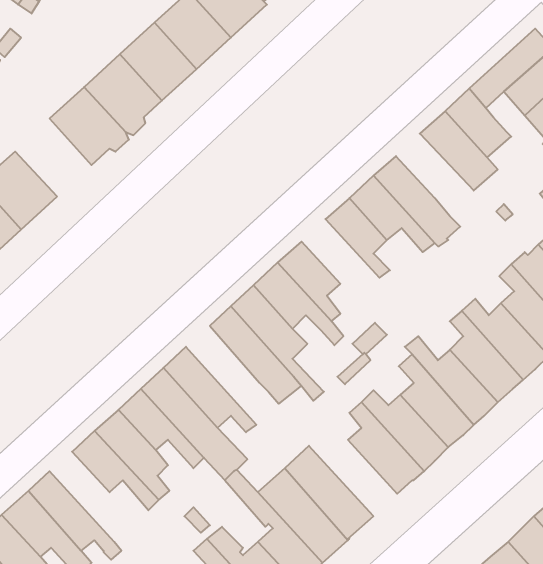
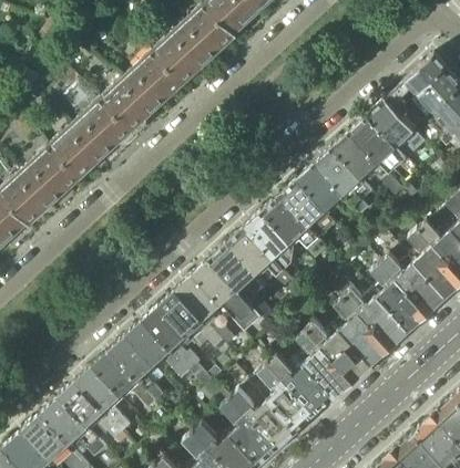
building: none -> [49,121,105,178]
building: none -> [330,132,402,197]
building: none -> [260,195,326,258]
building: none -> [175,273,235,346]
building: none -> [266,353,331,414]
building: none -> [74,366,130,433]

